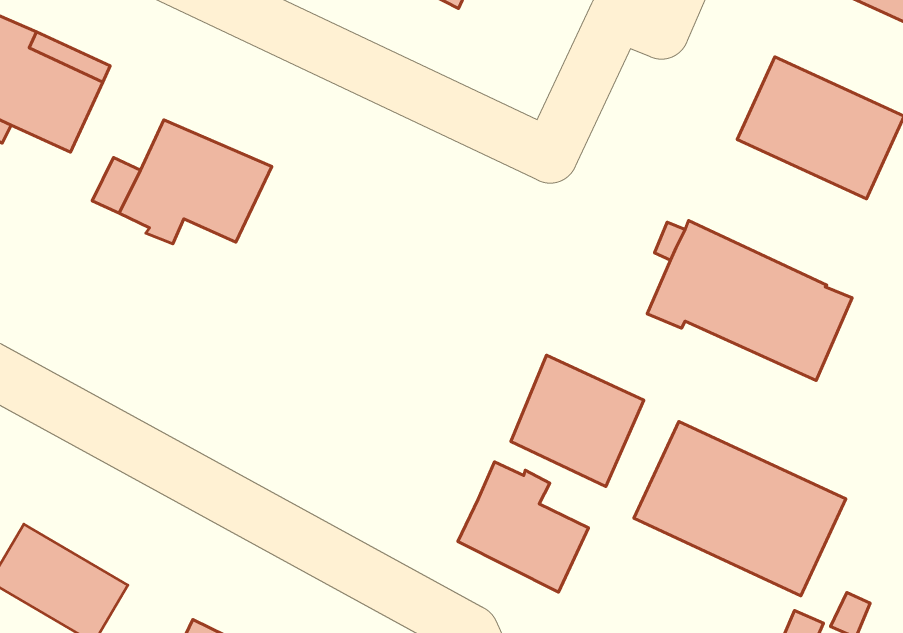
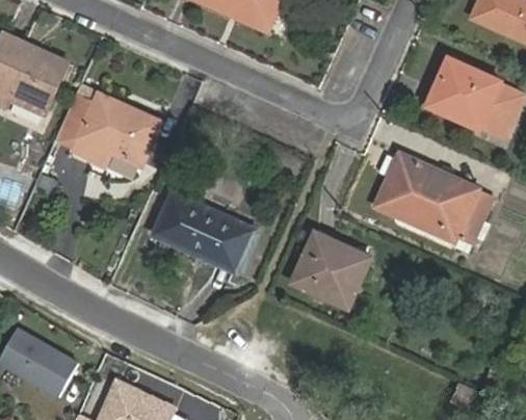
building: none -> [152,193,253,271]
building: [634,422,846,596] -> none
building: [458,462,588,592] -> none

